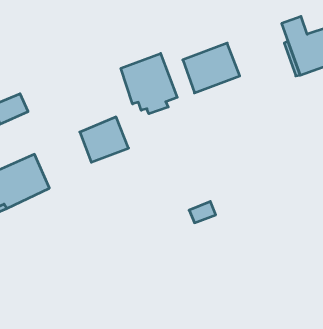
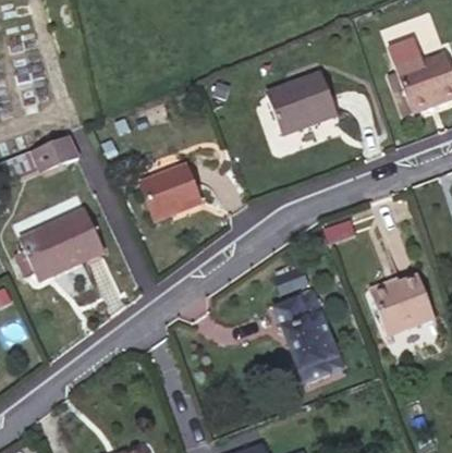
building: [121,53,177,114] -> none
building: none -> [371,274,432,335]
building: none -> [274,292,343,383]

